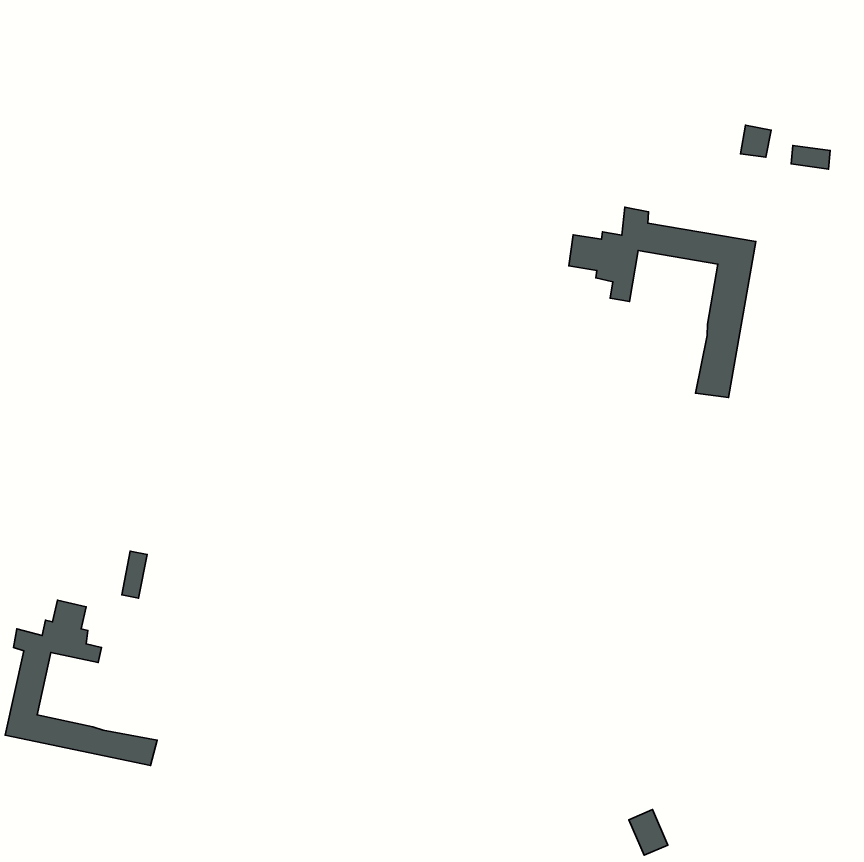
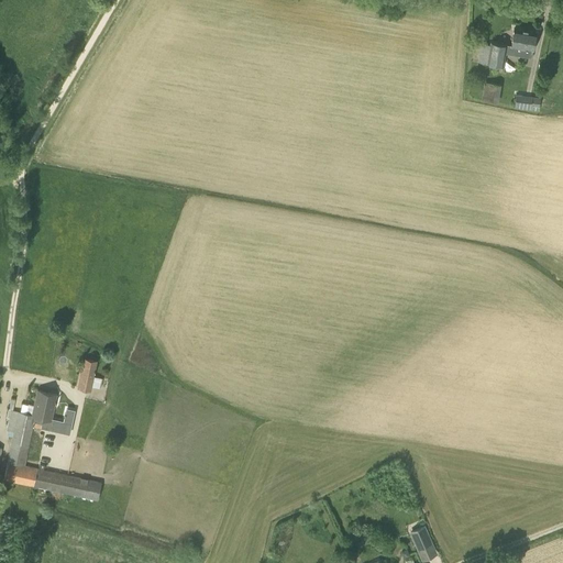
building: none -> [478,30,536,67]
building: [569,207,756,397] -> none

